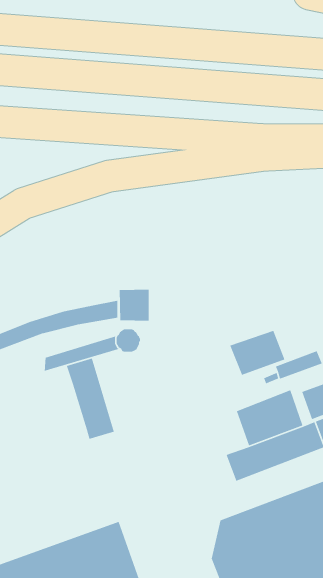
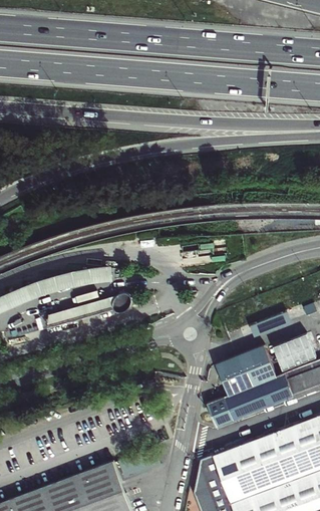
building: [119,289,150,322] -> none
building: [229,330,285,376] -> none
building: [66,357,115,440] -> none

